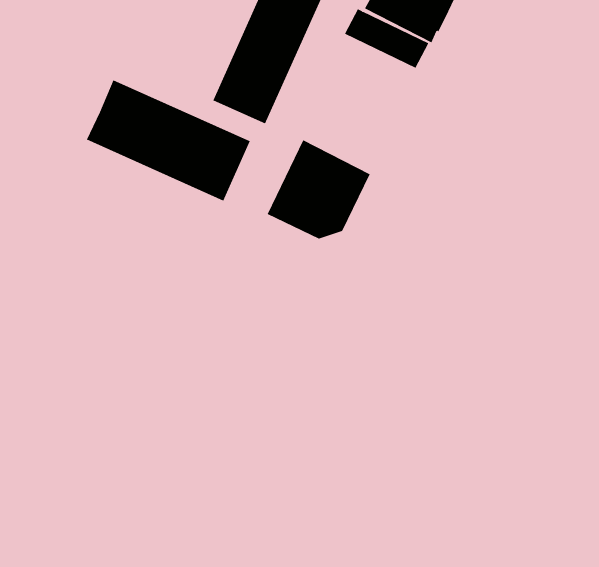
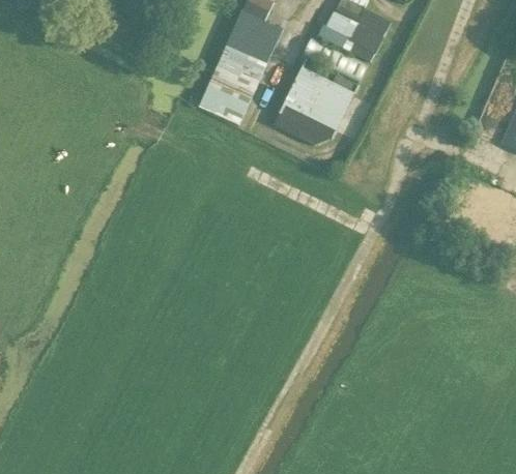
building: [86,79,251,201] -> none
building: [267,140,371,239] -> [274,66,354,144]

